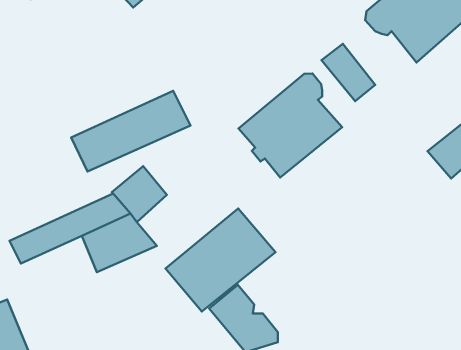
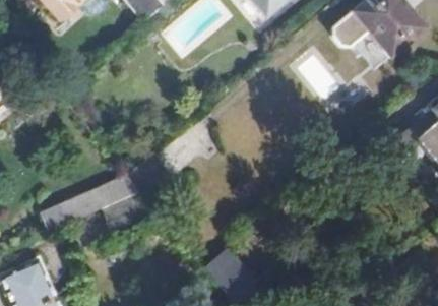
building: [239,73,342,177] -> none
building: [71,91,190,172] -> none
building: [166,208,276,312] -> none

